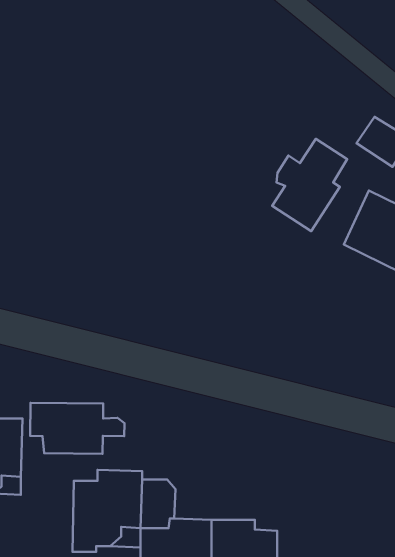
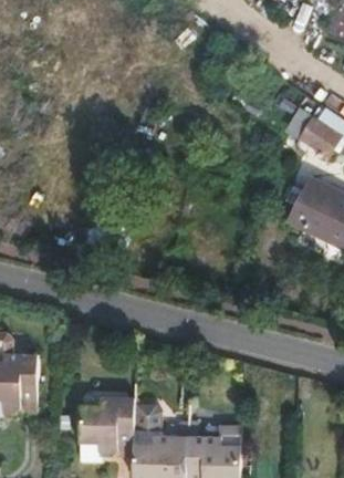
building: [272,139,347,231] -> none
building: [30,403,124,454] -> none

